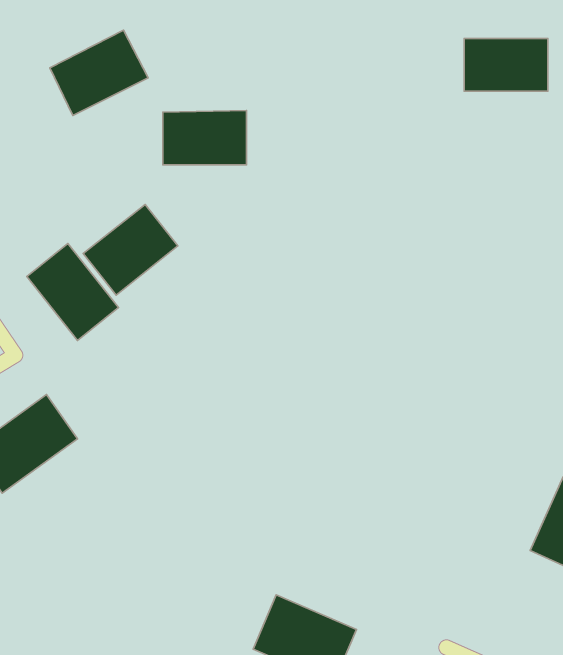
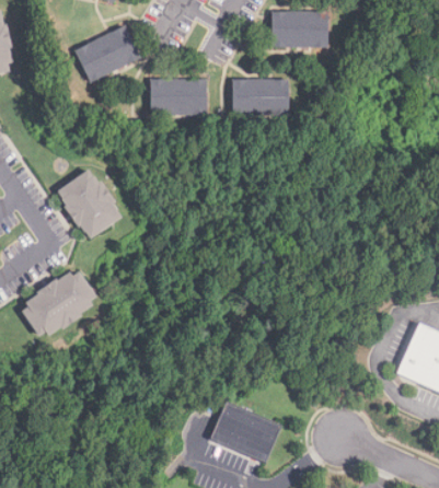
building: [464,39,548,91] -> [272,12,327,47]
building: none -> [232,80,288,115]
building: [83,204,178,295] -> none

